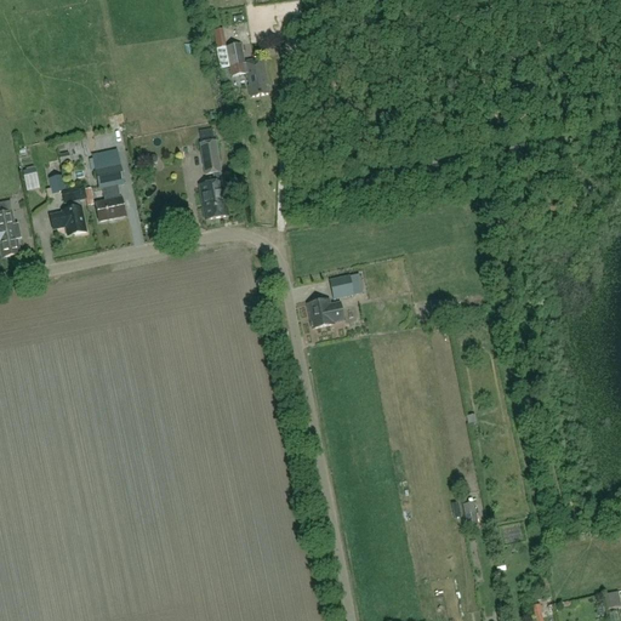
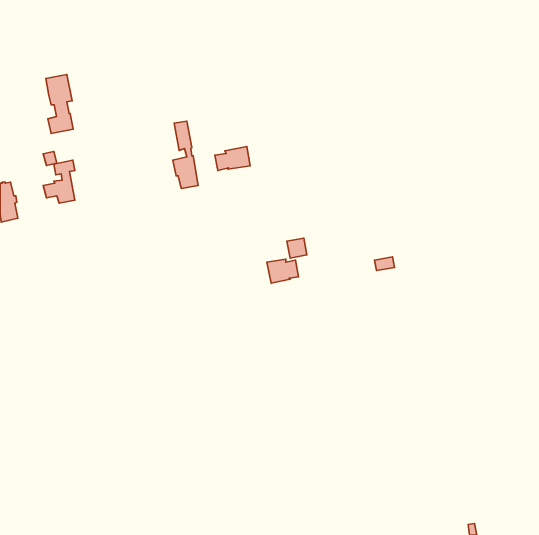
building: [216,42,269,95] -> none
building: [93,152,125,220] -> [46,74,73,133]
building: none -> [215,147,250,170]

